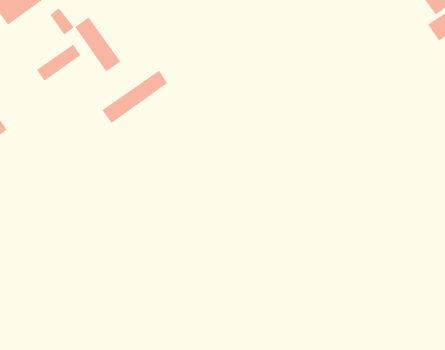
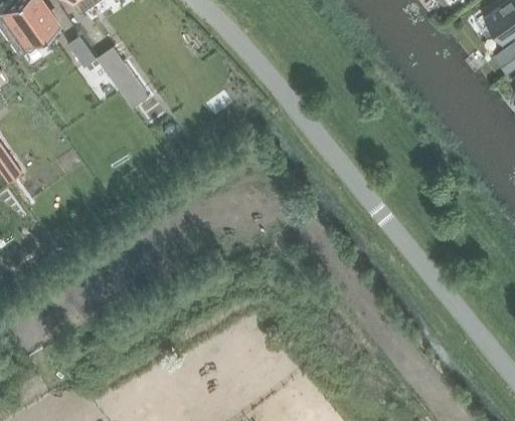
building: [36,44,81,82] -> none
building: [102,70,168,124] -> none

